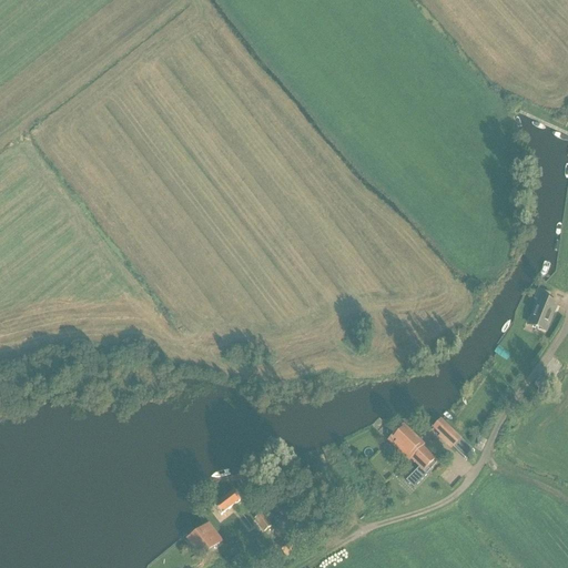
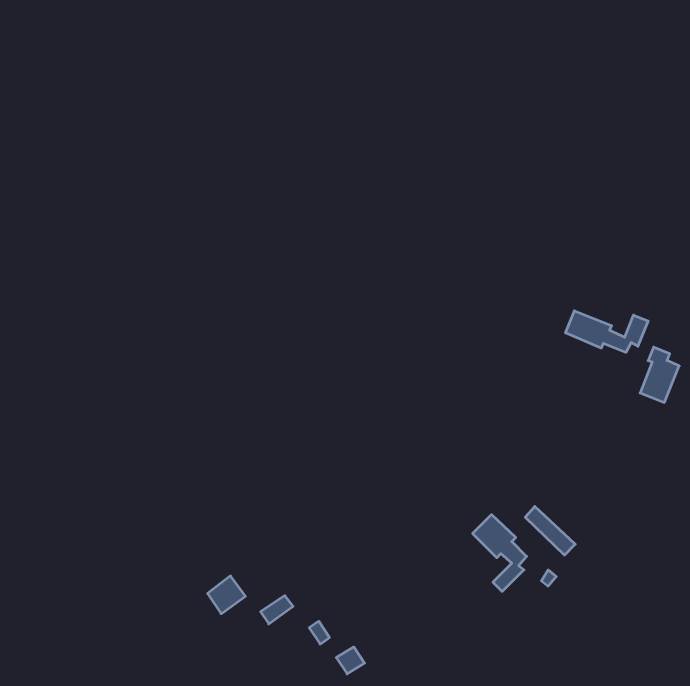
building: none -> [566,311,648,352]
building: [191,521,222,552] -> [208,576,245,614]

